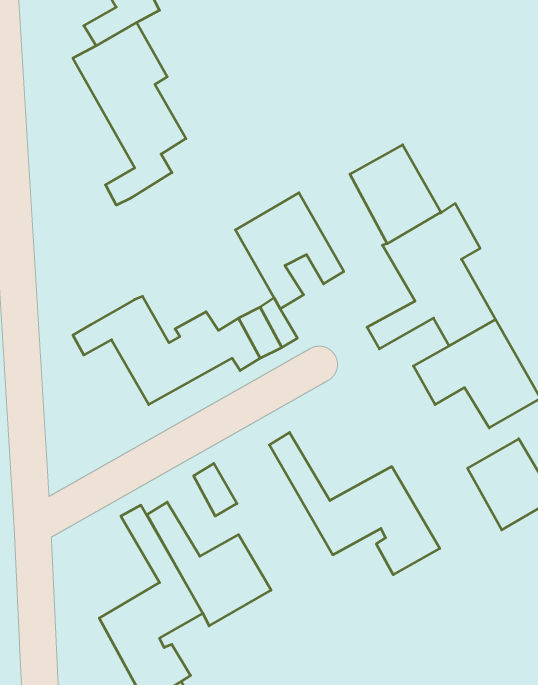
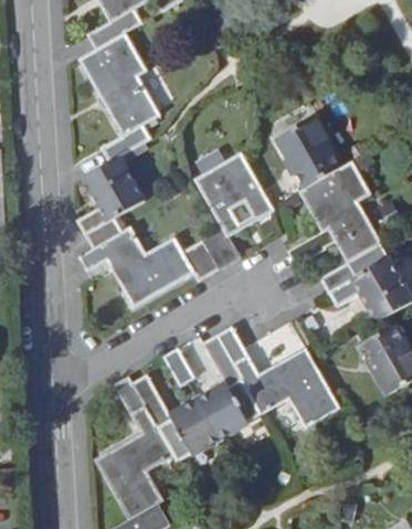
building: none -> [77,157,147,247]
building: none -> [198,334,265,437]

